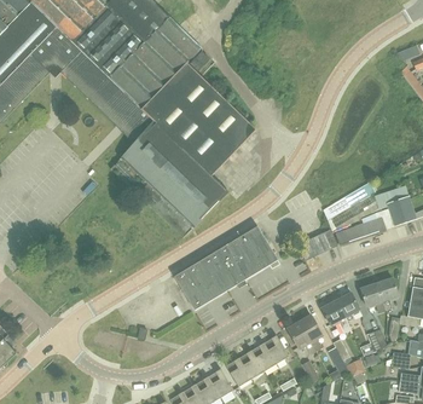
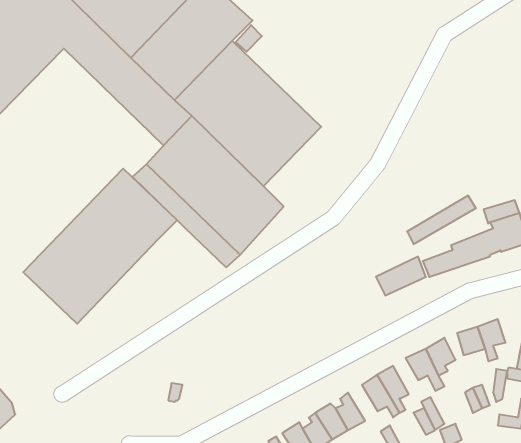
building: none -> [23,169,177,324]
building: [174,225,277,308] -> none

